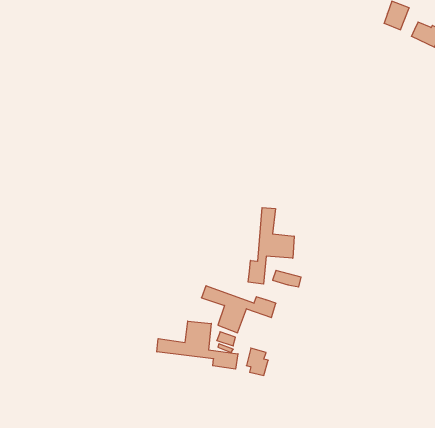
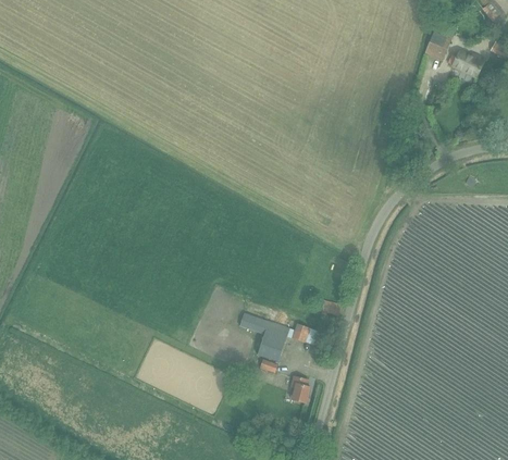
building: [248,208,294,284] -> none
building: [157,321,238,369] -> none

